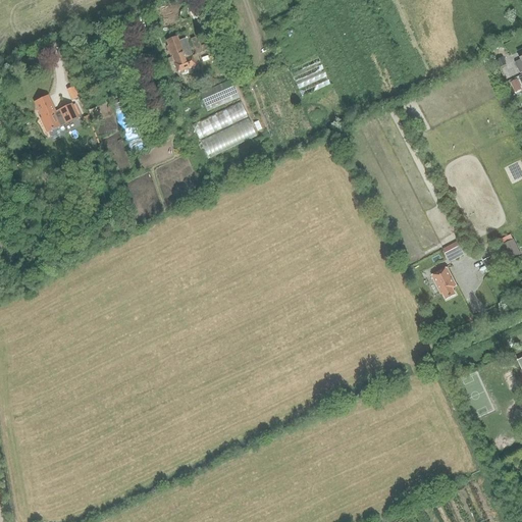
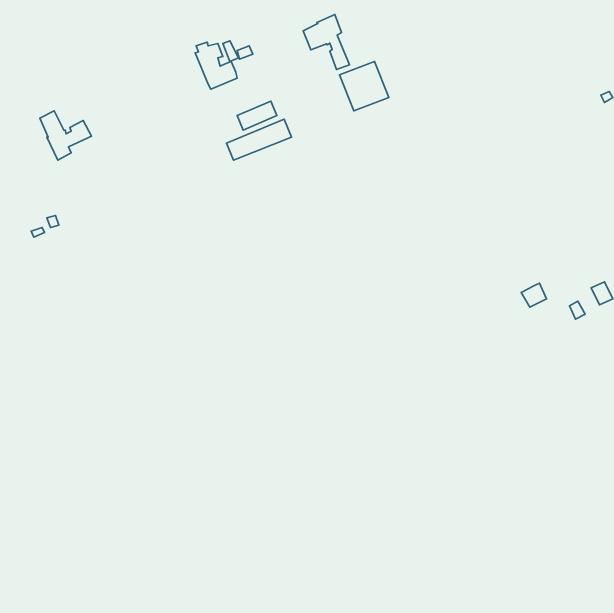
building: none -> [303,14,350,69]
building: [199,116,256,155] -> none
building: [430,266,456,298] -> none

